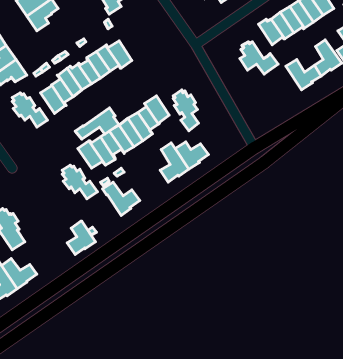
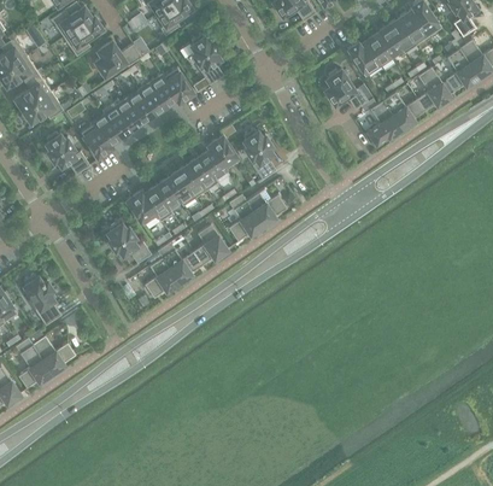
building: none -> [189,34,222,83]
building: none -> [94,41,140,75]
building: none -> [359,96,400,144]
building: [75,108,119,139] -> none
building: none -> [192,224,227,264]
building: [67,221,96,255] -> [143,257,178,298]

